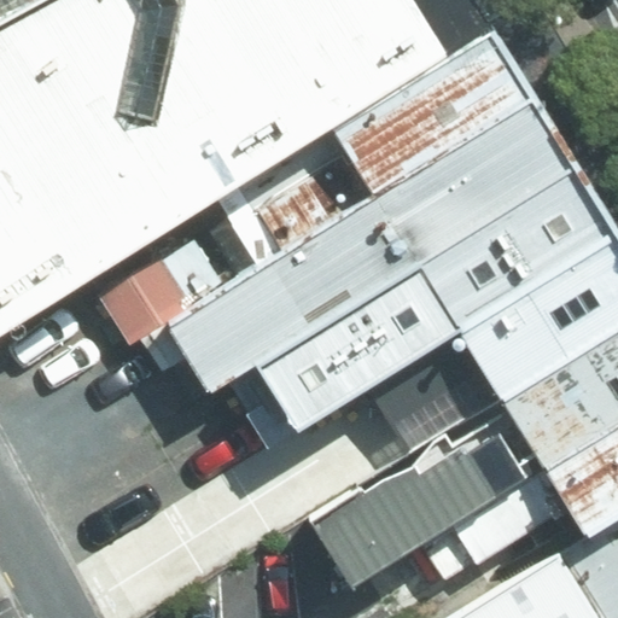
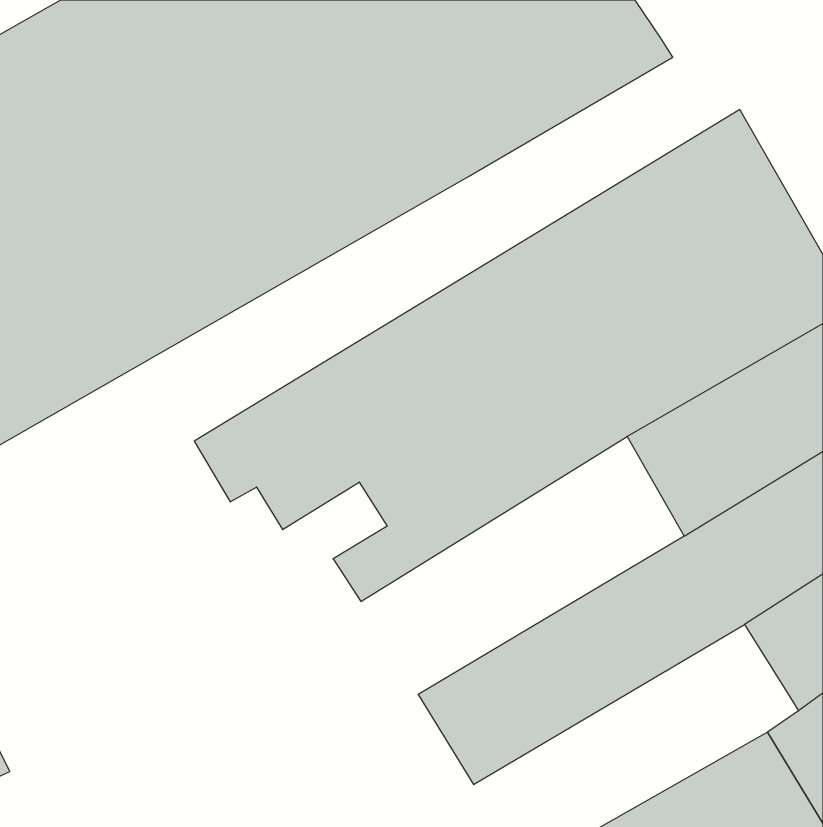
building: [346,25,547,190] -> none

